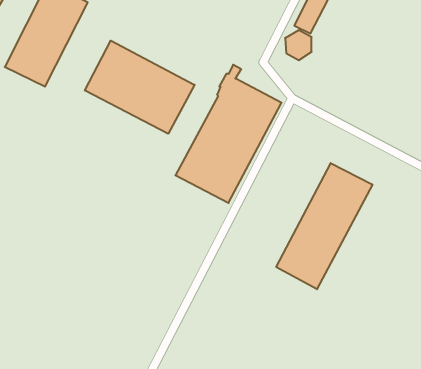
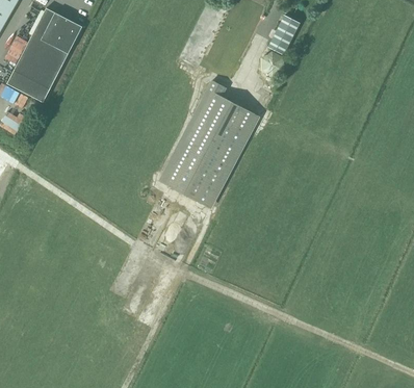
building: [85,41,195,134] -> none
building: [276,163,372,289] -> none

